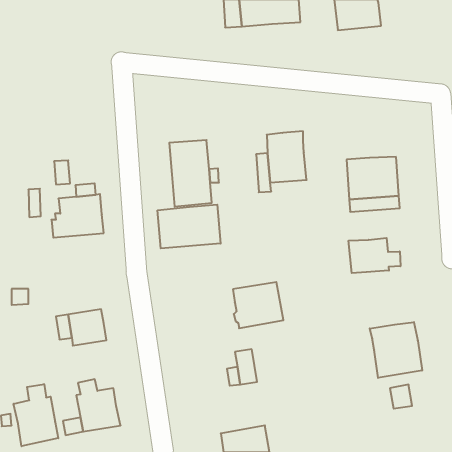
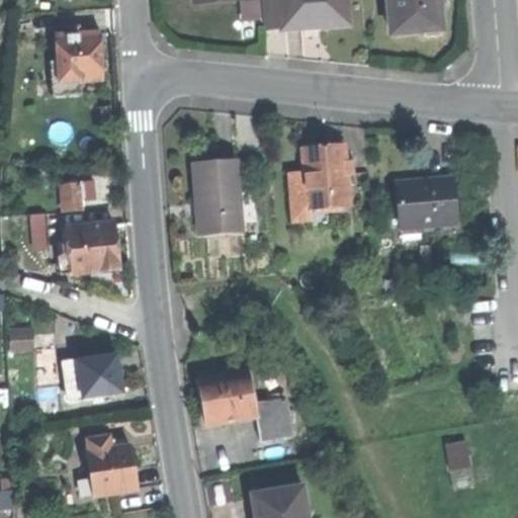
building: none -> [51,30,107,94]
building: [158,205,221,248] -> none
building: [349,238,400,273] -> none
building: [233,282,283,328] -> [199,372,257,425]
building: [370,322,422,378] -> none
building: [14,384,58,446] -> none

